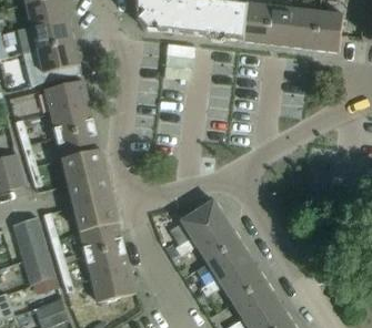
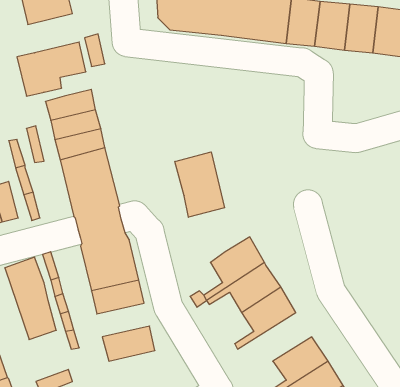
building: [17,16,73,51] -> none
building: none -> [175,152,225,217]
building: [88,253,131,280] -> none
building: [203,260,264,300] -> none

